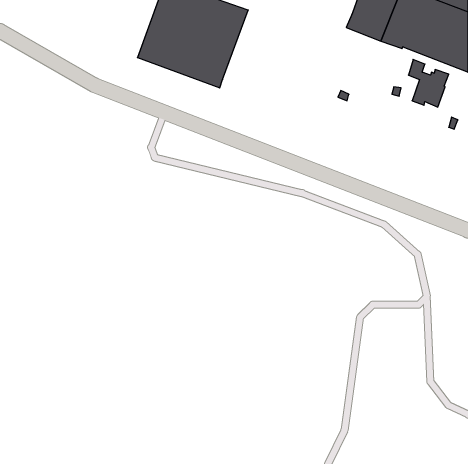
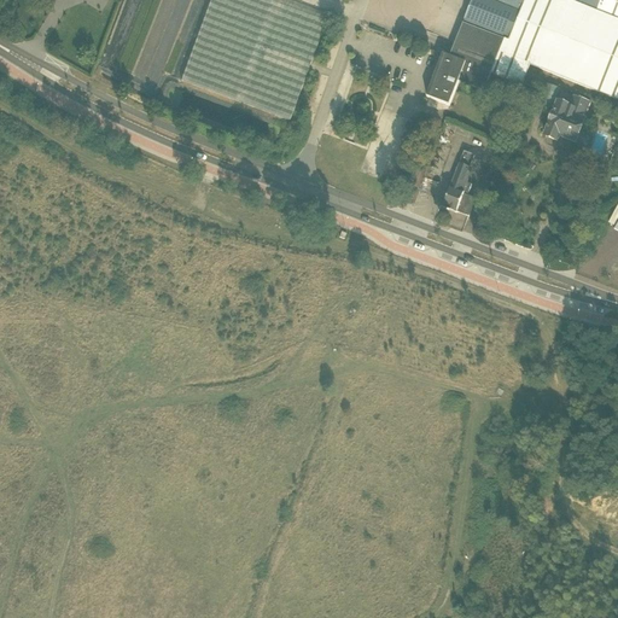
building: none -> [427,36,530,101]
building: none -> [443,142,480,211]

